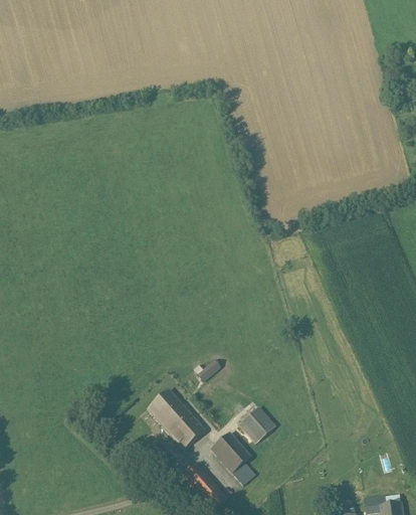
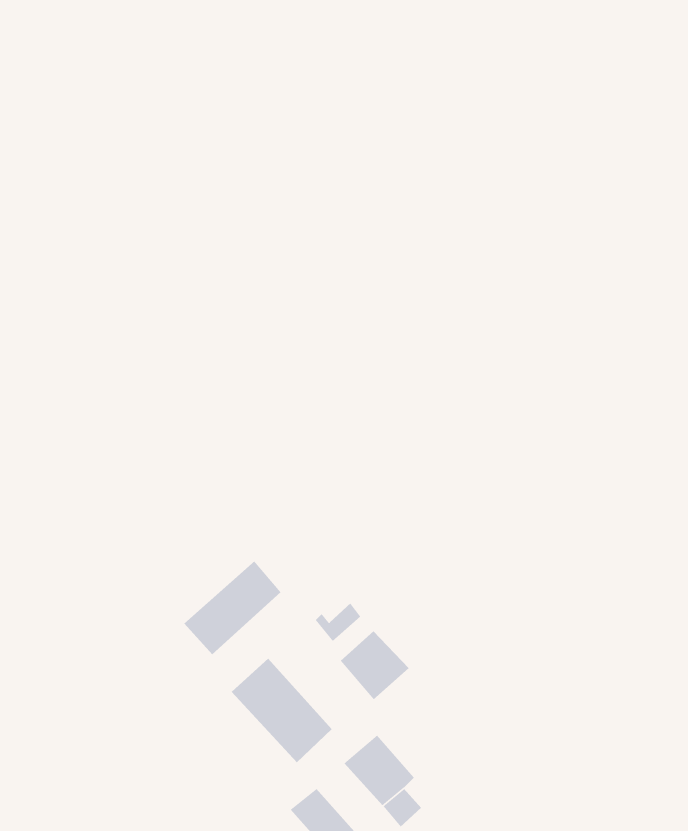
building: none -> [184,561,282,655]
building: [235,403,274,443] -> [340,631,409,700]

